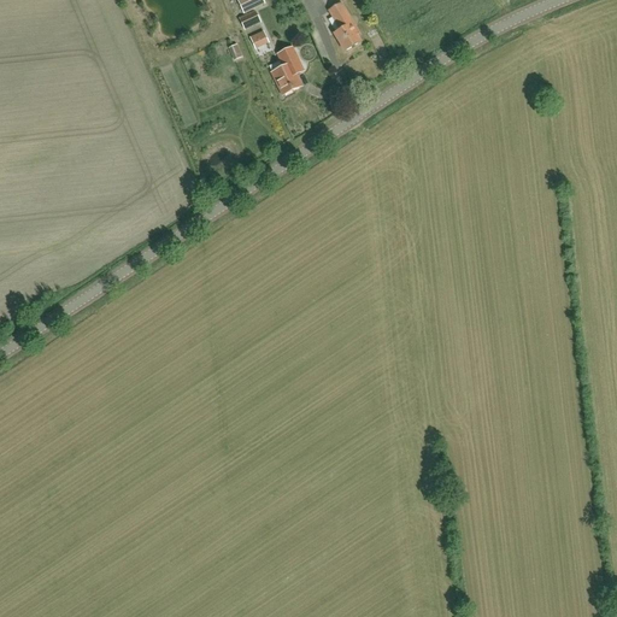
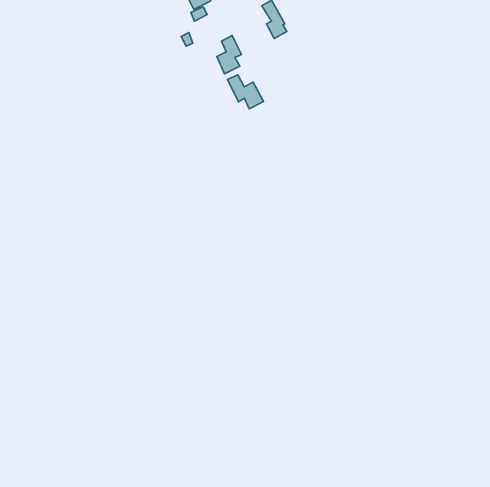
building: none -> [227,75,264,109]

